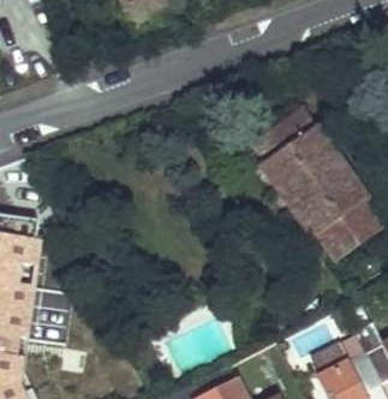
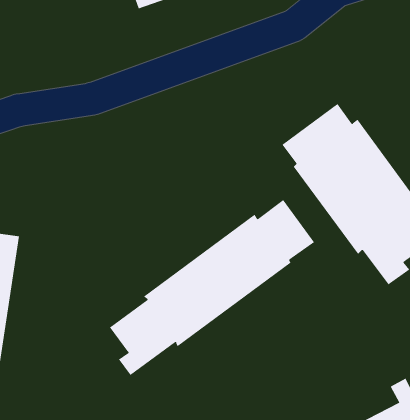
building: none -> [109,199,315,376]

